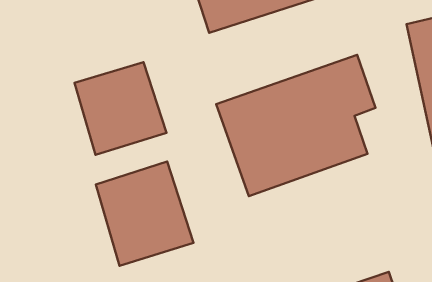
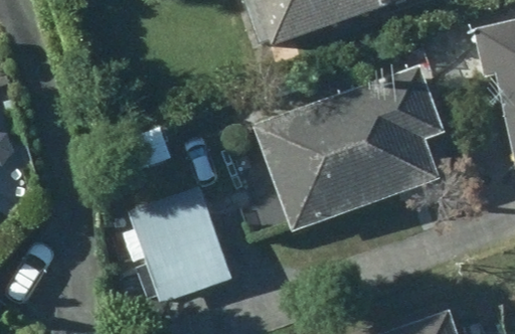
building: [75,62,167,155] -> none

